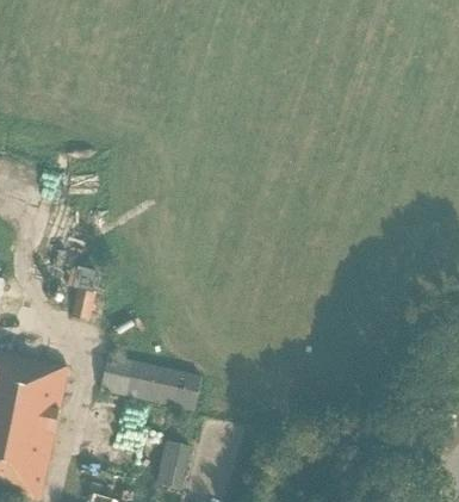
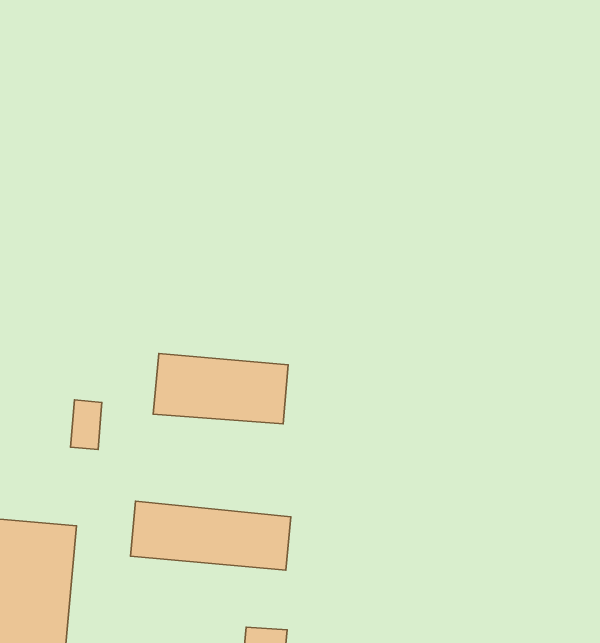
building: none -> [153,353,288,424]

